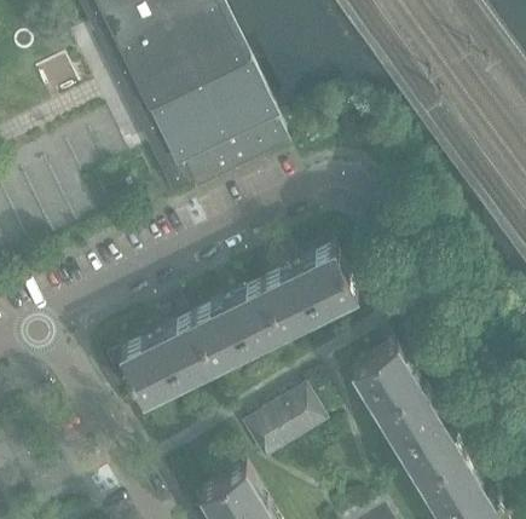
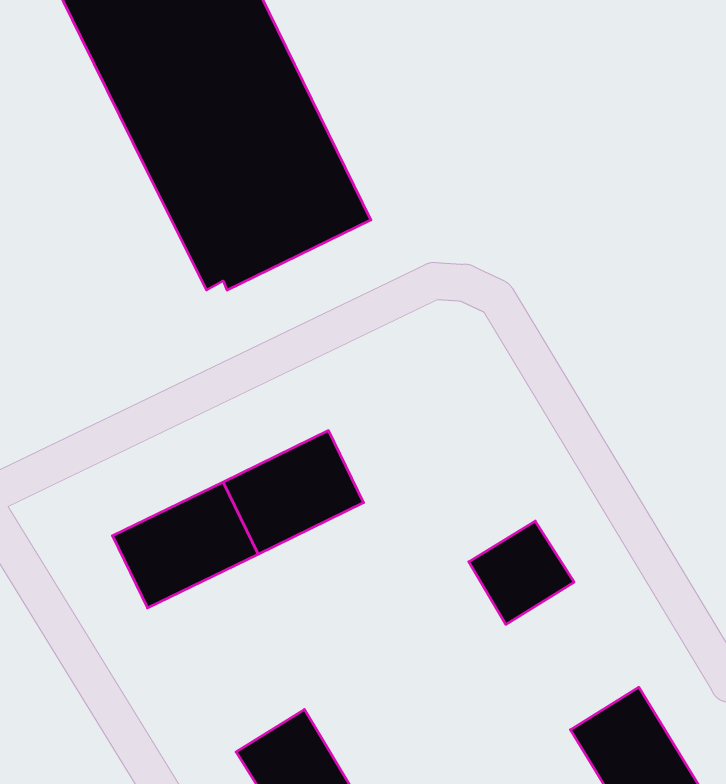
building: [260,248,356,331] -> none
building: [376,384,463,480] -> none
building: [242,388,325,461] -> none

